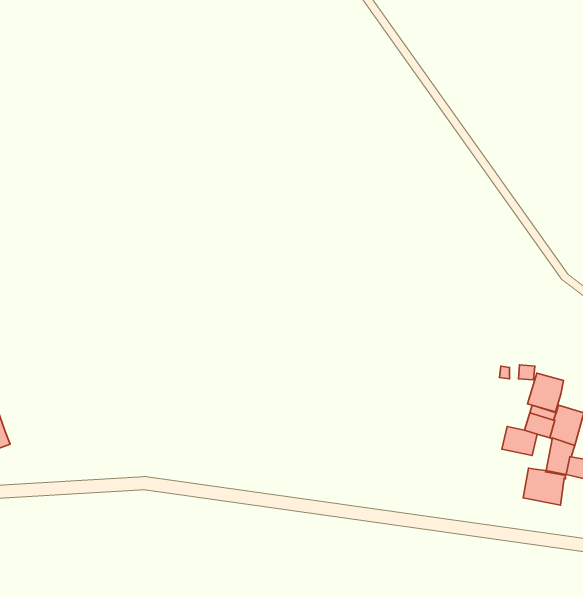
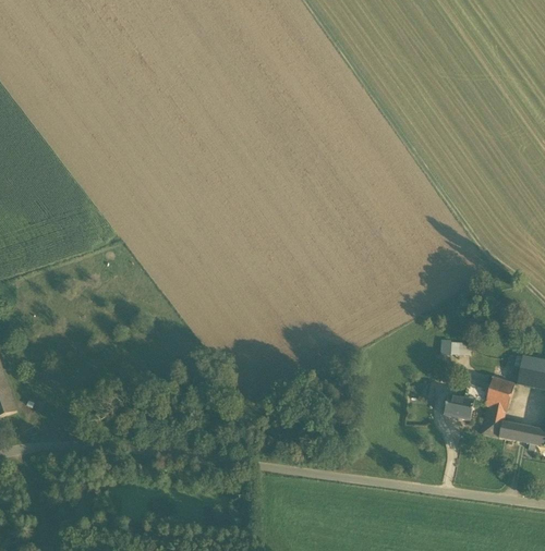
building: [527,373,563,412] -> none
building: [523,468,566,505] -> none

